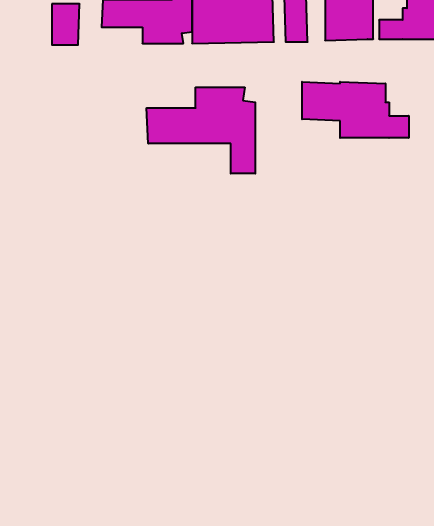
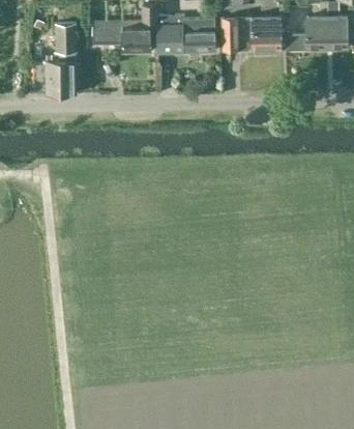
building: none -> [46,60,77,95]
building: [302,82,409,138] -> none
building: [147,87,255,174] -> none

